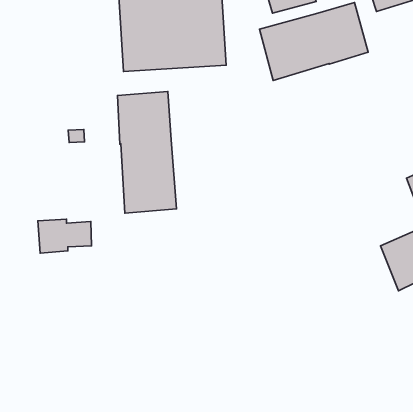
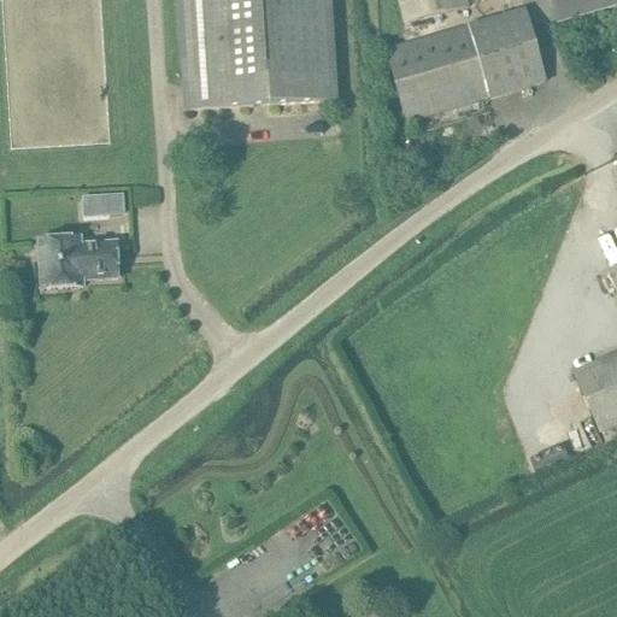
building: [117,92,177,213] -> none
building: [38,219,92,253] -> [41,235,121,286]

